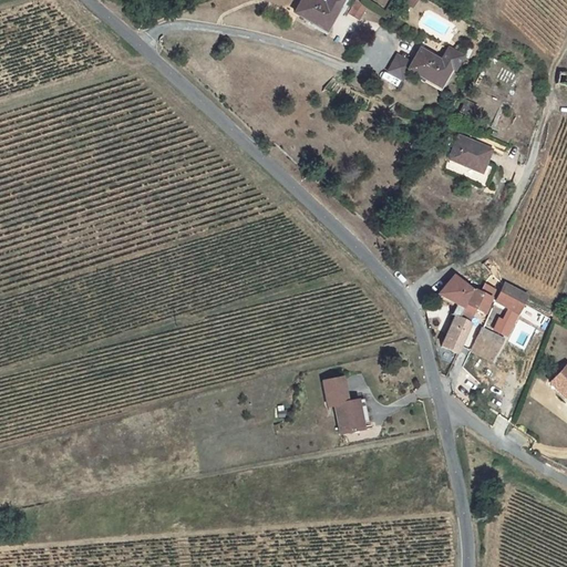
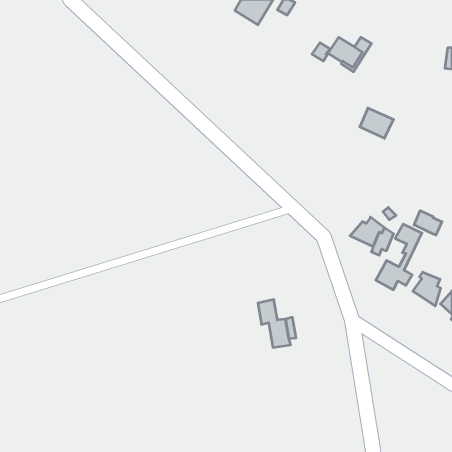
building: none -> [414,211,442,235]
building: [443,313,473,354] -> none
building: none -> [413,272,441,306]

